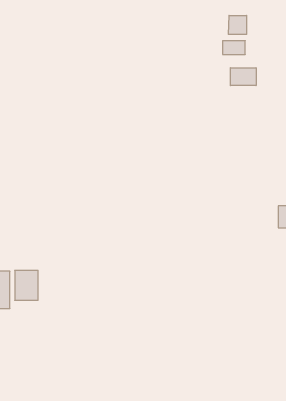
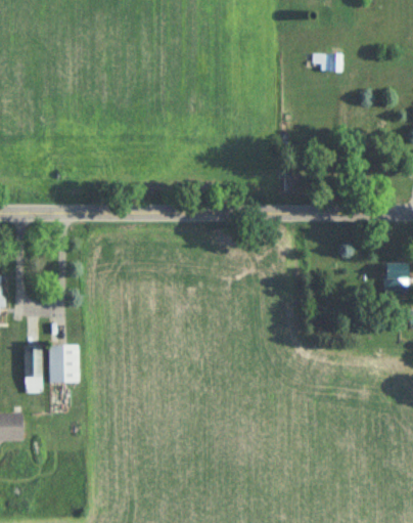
building: [228,15,247,34] -> none
building: [230,68,256,86] -> none

